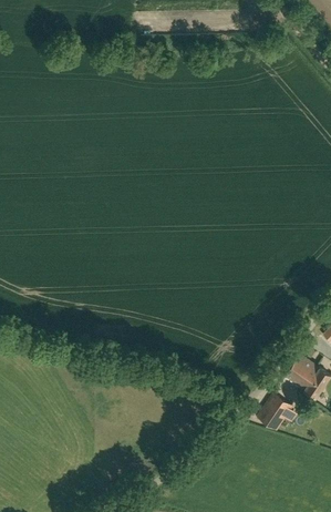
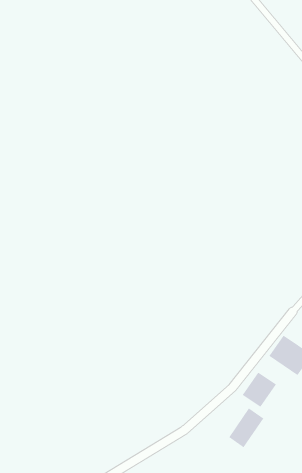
building: none -> [228,407,264,448]

